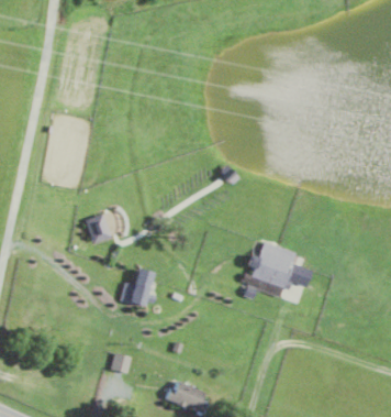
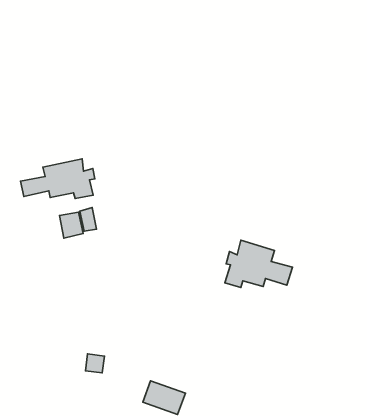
building: none -> [20,159,95,199]
building: [120,266,155,306] -> none

